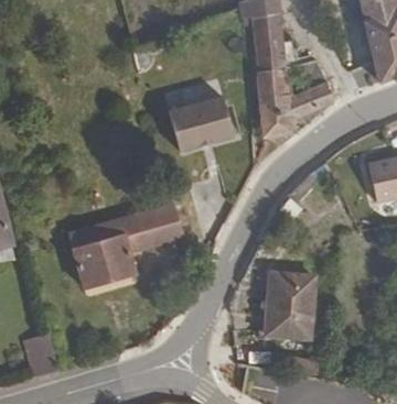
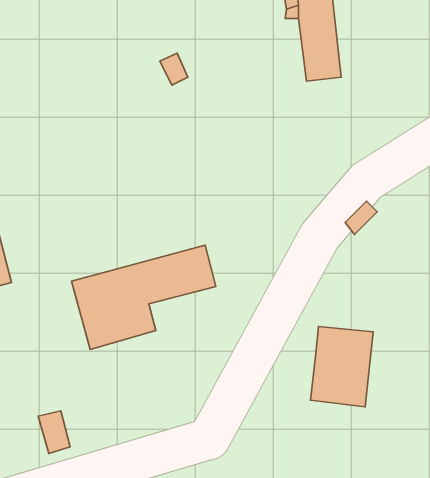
building: [248,66,333,135] -> none
building: [151,100,233,165] -> none

